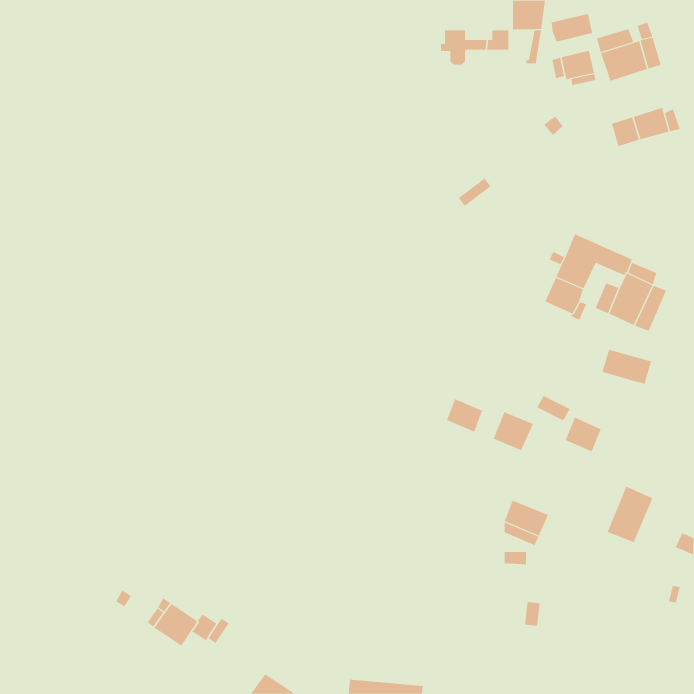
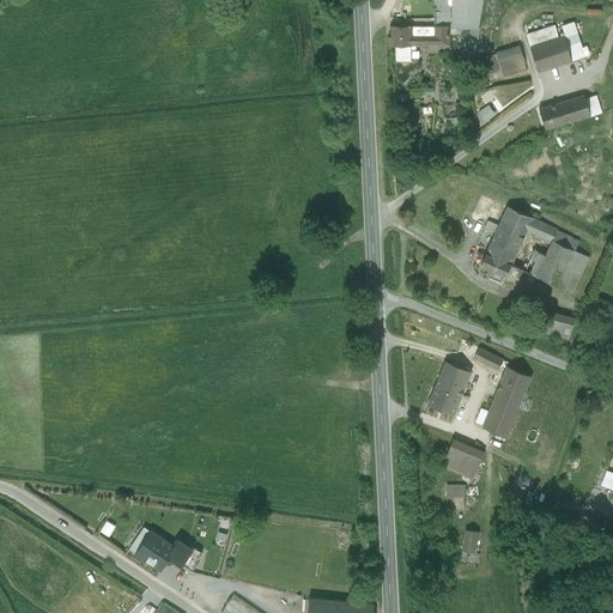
building: [551,13,593,42] -> none
building: [446,398,483,432] -> [427,387,460,417]
building: [607,486,653,543] -> [481,388,522,438]

